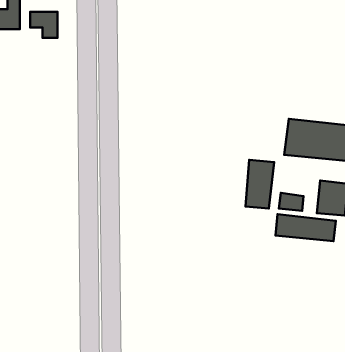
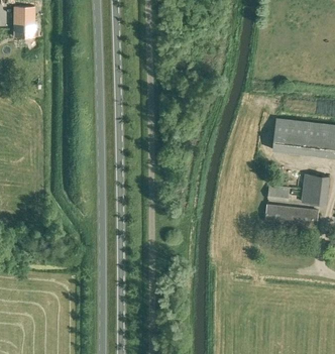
building: [30,12,58,38] -> none
building: [245,160,274,209] -> none

